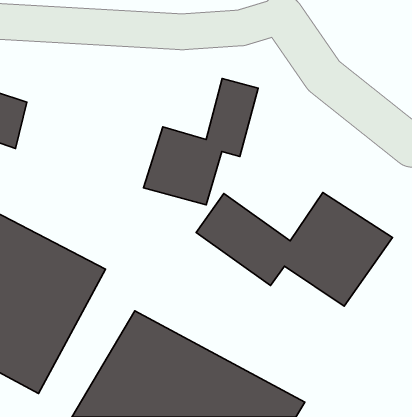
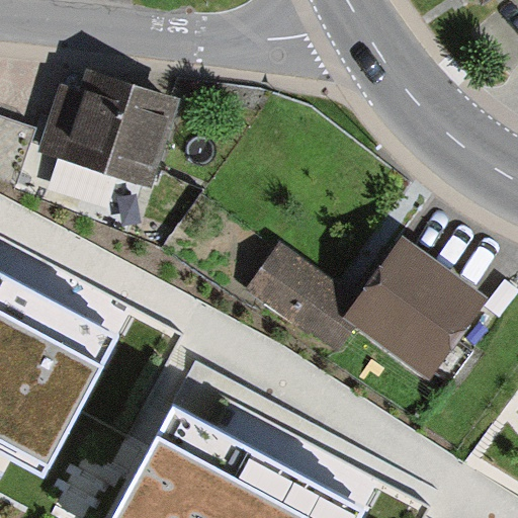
building: none -> [34,70,176,200]
building: [144,78,258,205] -> none

